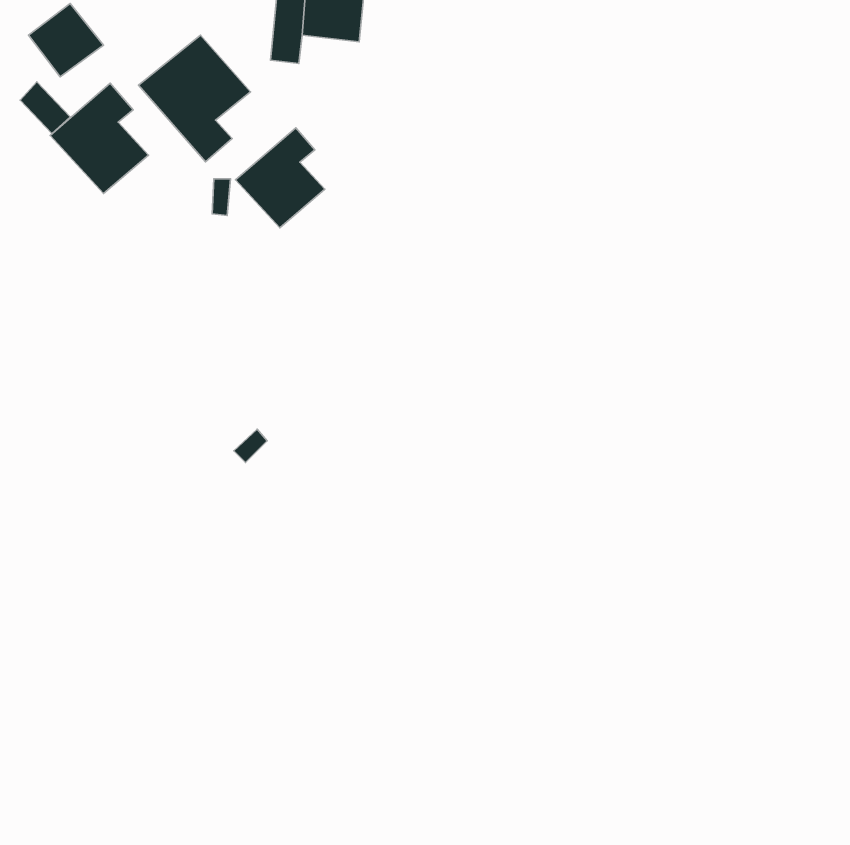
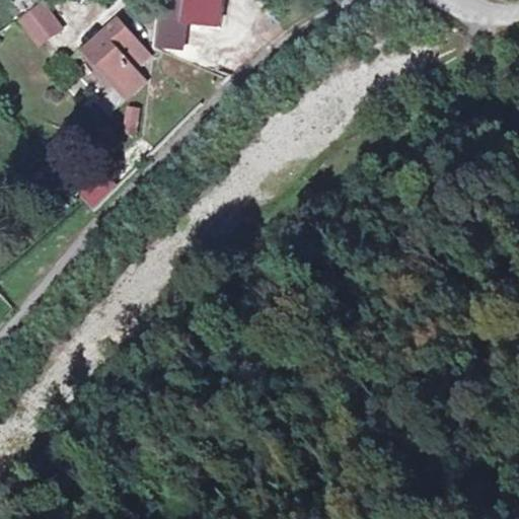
building: [50,83,149,194] -> none
building: [236,128,325,228] -> none

